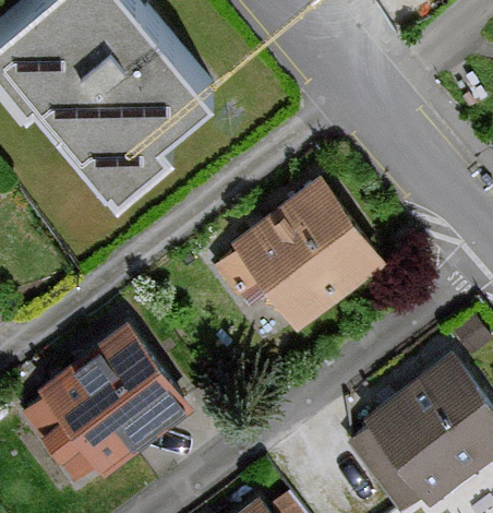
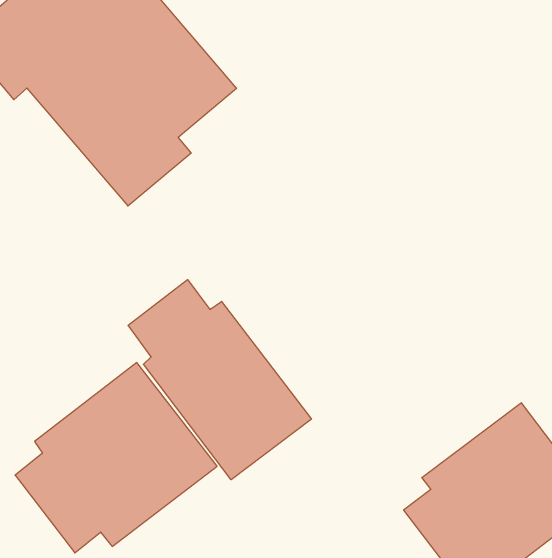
building: [231,177,383,329] -> none
building: none -> [128,280,311,480]

